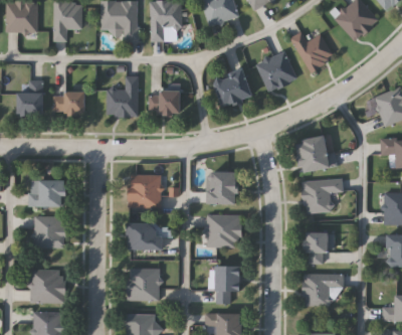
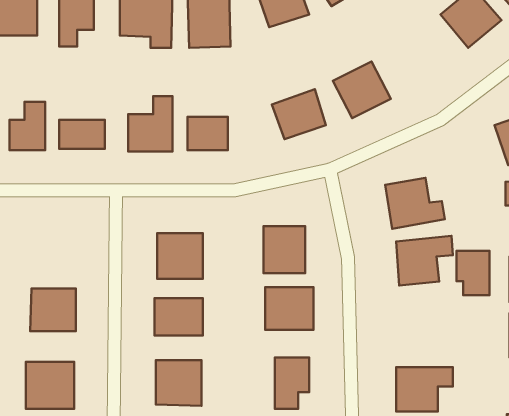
building: [291,32,334,71] -> none
building: [32,181,69,207] -> none
building: [303,232,327,265] -> [456,251,490,295]

